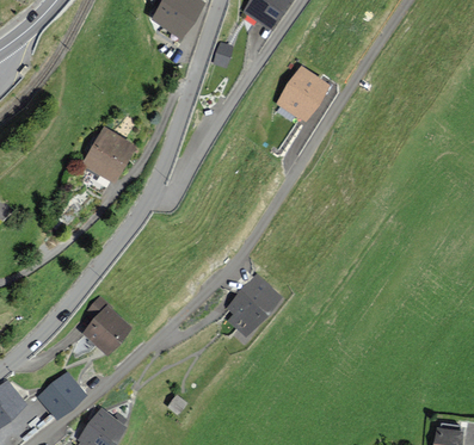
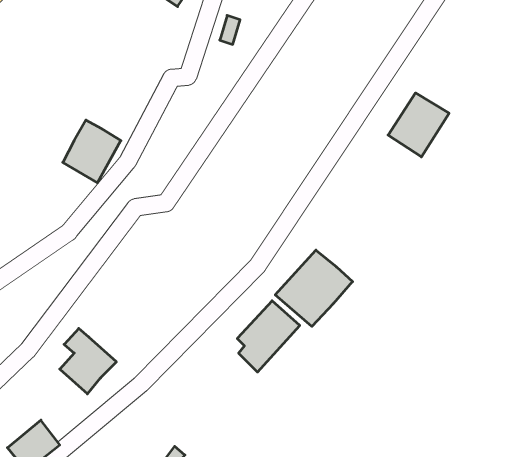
building: [278,67,328,119] -> [388,93,449,157]
building: none -> [275,250,353,326]

